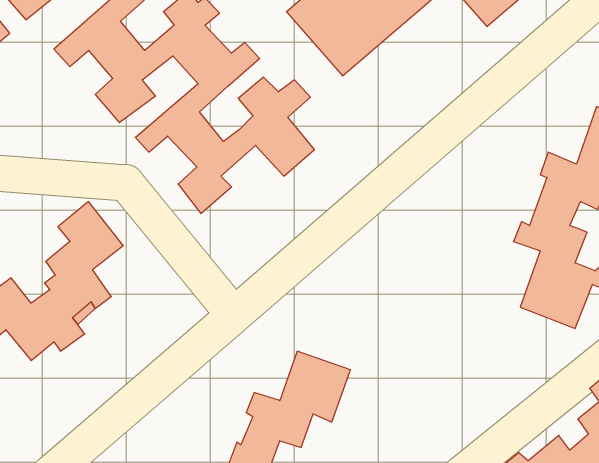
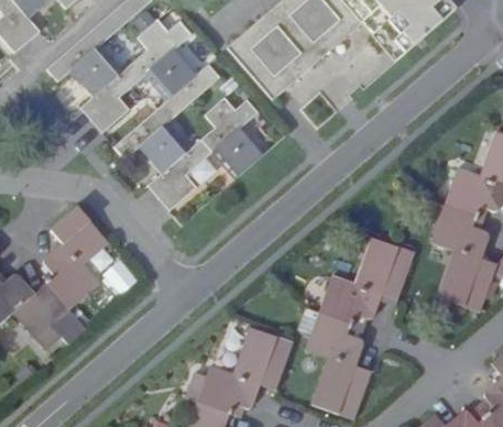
building: none -> [305,232,413,414]

